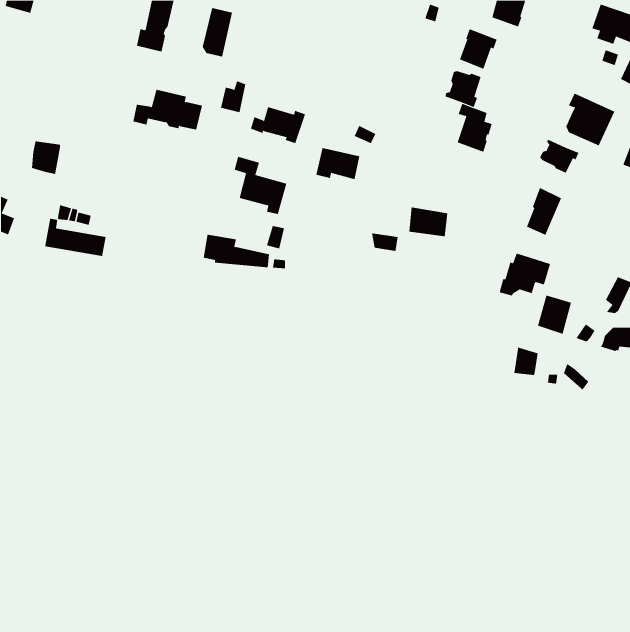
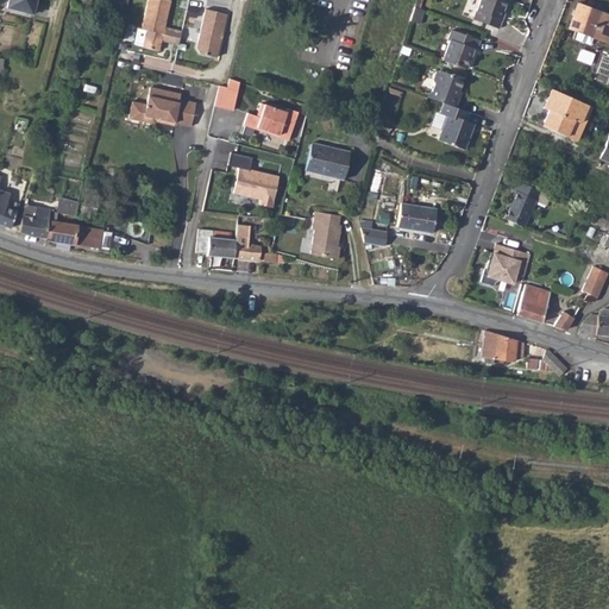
building: [539,139,579,173] -> none
building: [31,141,61,174] -> [21,205,50,237]
building: none -> [308,209,341,258]

